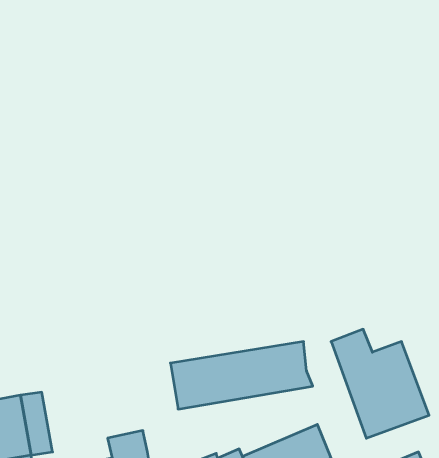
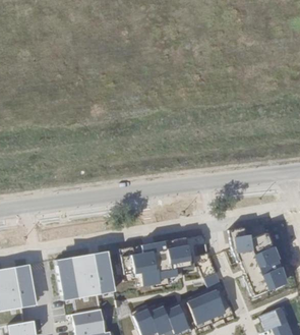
building: none -> [53,249,114,300]

